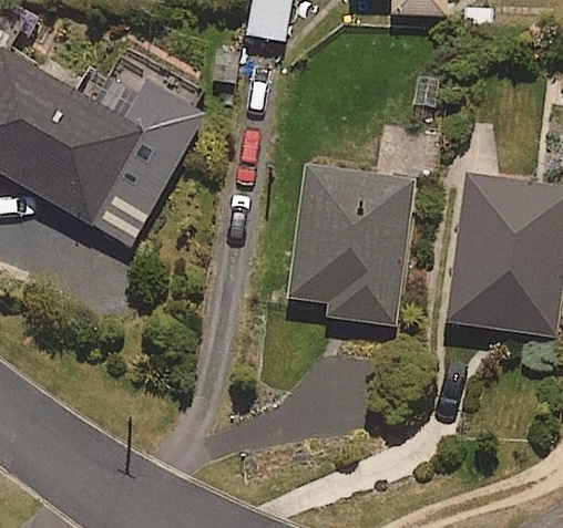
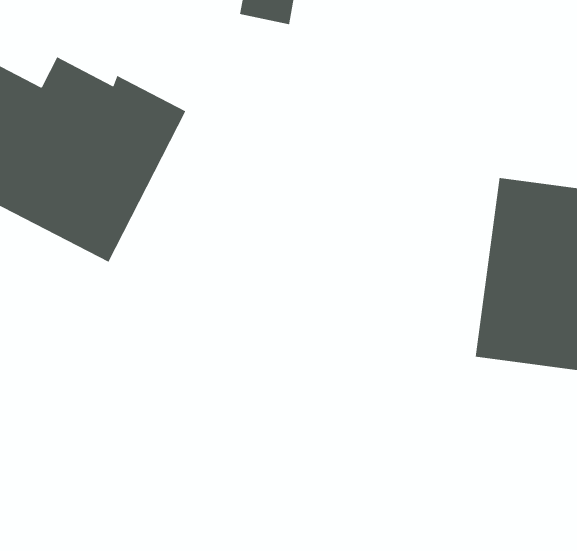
building: [293,164,413,325] -> none

